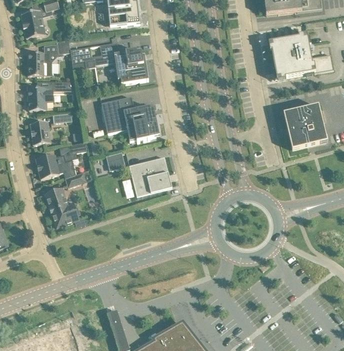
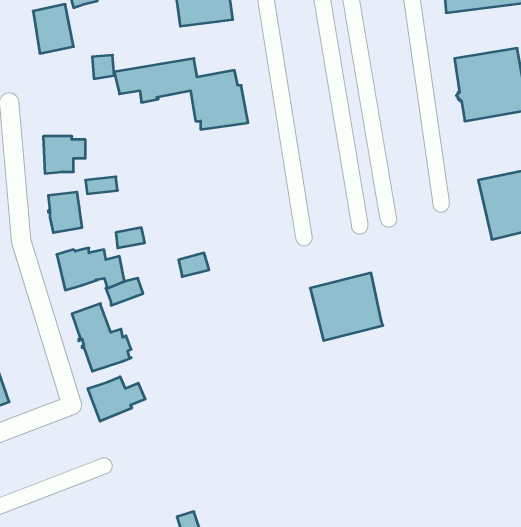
building: [28,52,44,74] -> none
building: [102,96,160,141] -> none
building: [129,156,172,196] -> [310,273,383,341]
building: none -> [88,377,145,421]

